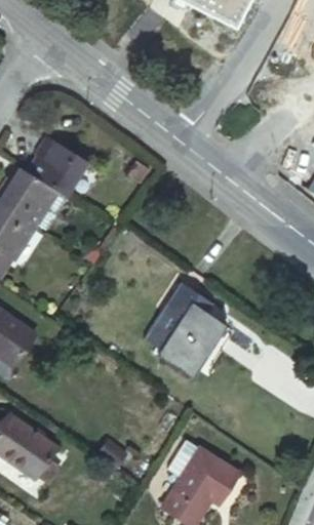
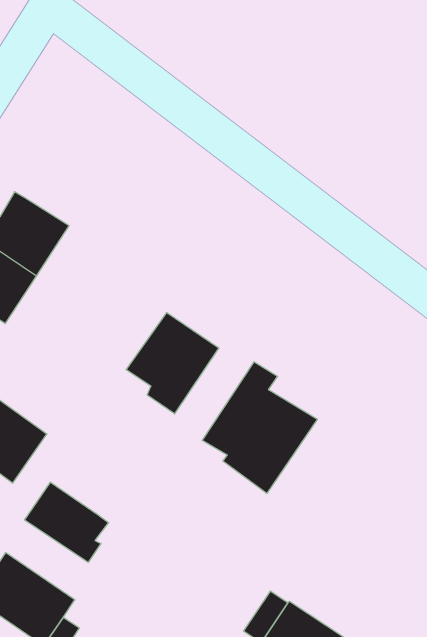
building: [24,134,82,195] -> none
building: none -> [126,313,219,414]
building: none -> [25,482,109,562]

